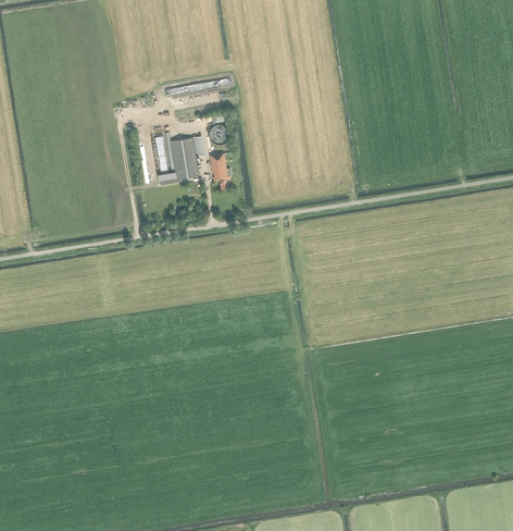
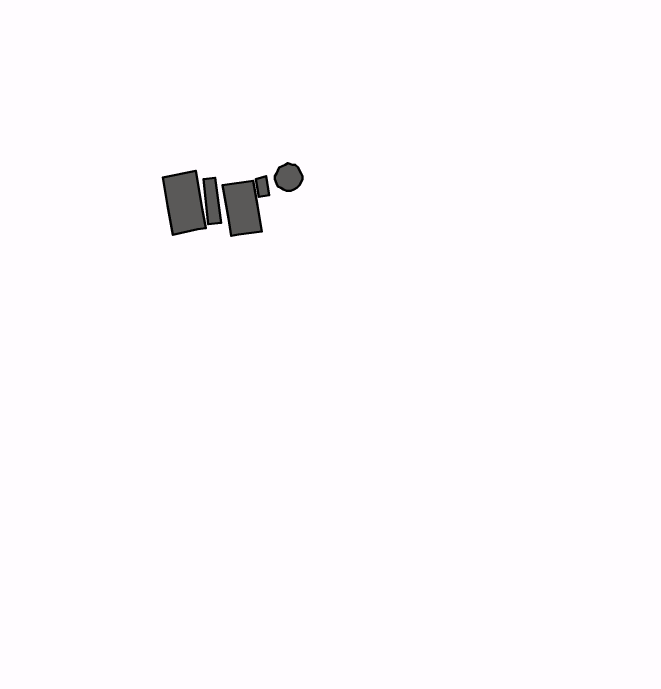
building: none -> [163,171,206,235]
building: [209,152,230,188] -> none

